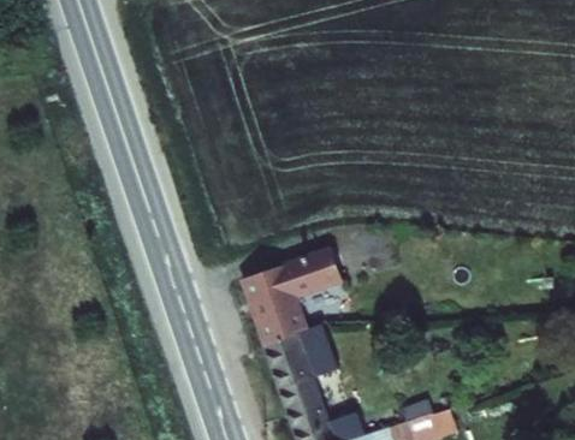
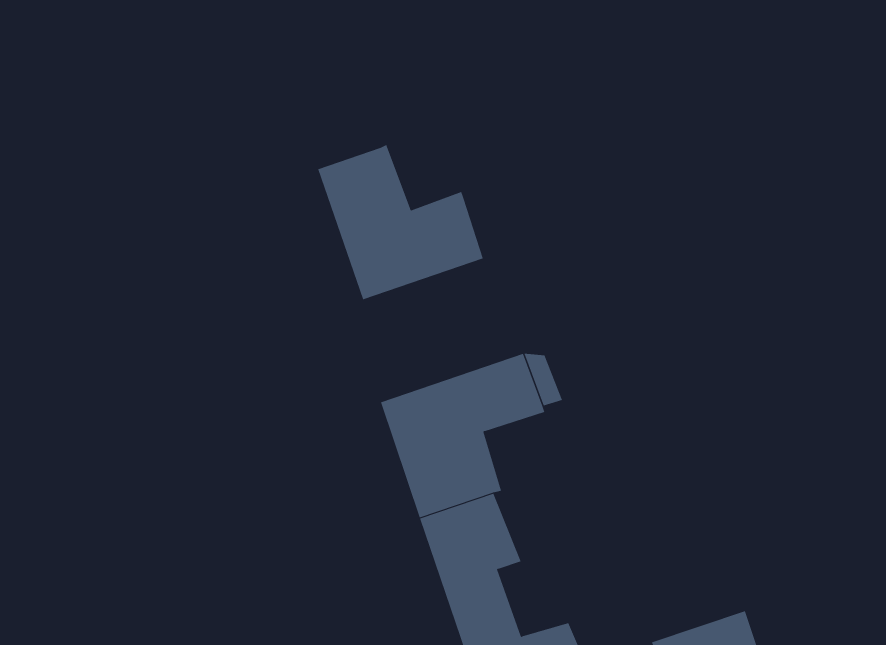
building: none -> [317,144,484,300]

